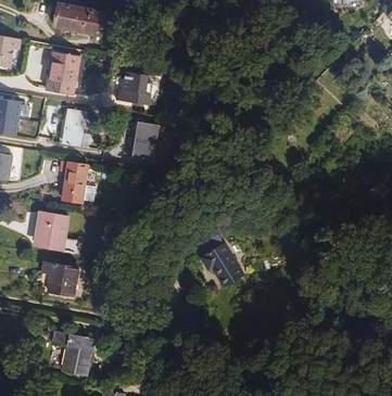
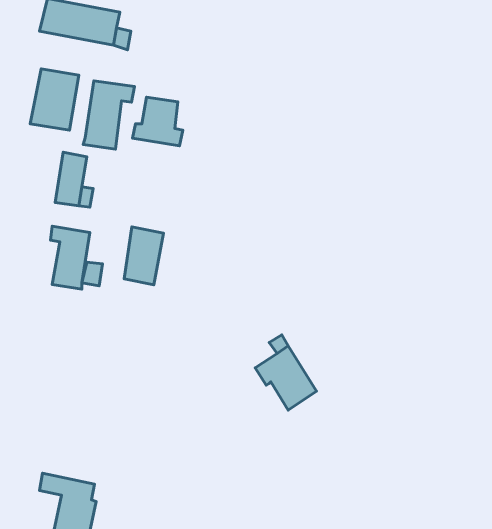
building: none -> [83,81,135,149]
building: [131,120,159,161] -> [124,227,163,285]
building: [37,210,67,251] -> none
building: [41,260,77,295] -> none

